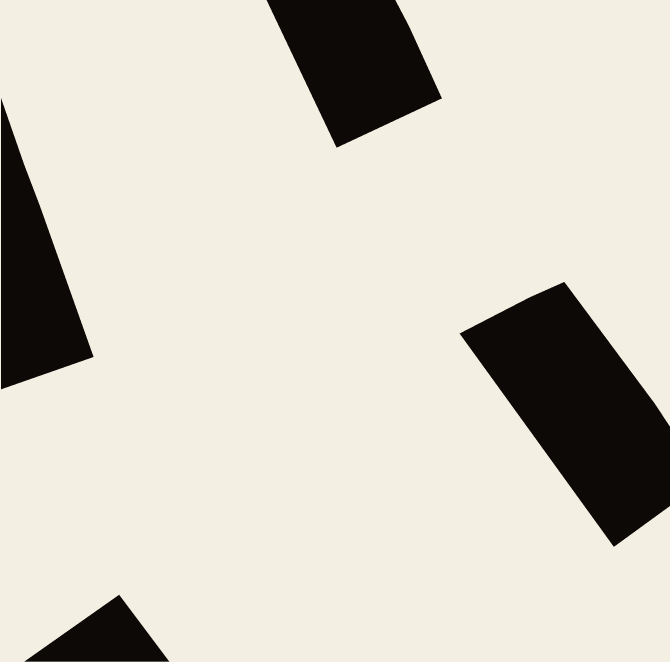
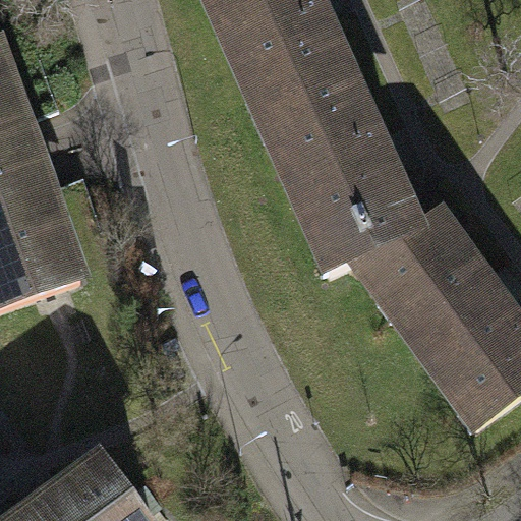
building: none -> [262,76,411,269]

